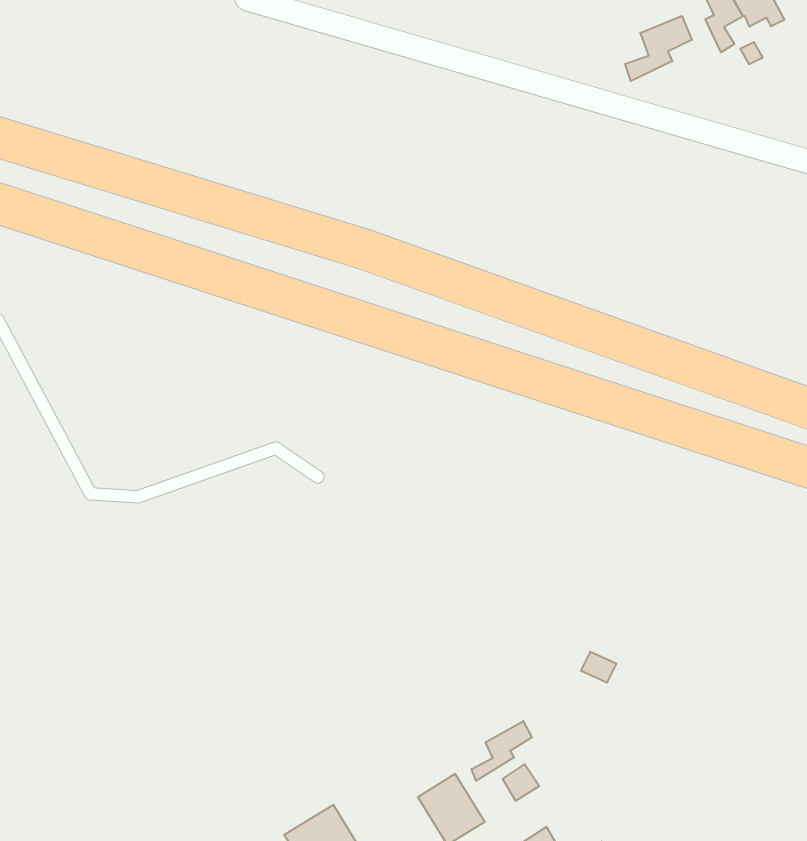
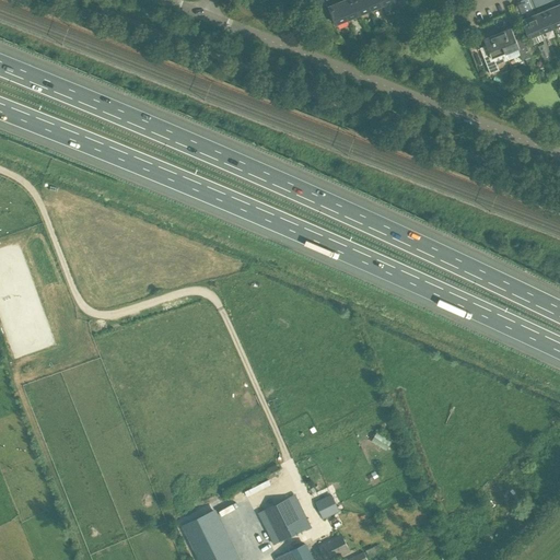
building: [625,16,692,81] -> none
building: [471,721,532,781] -> none

